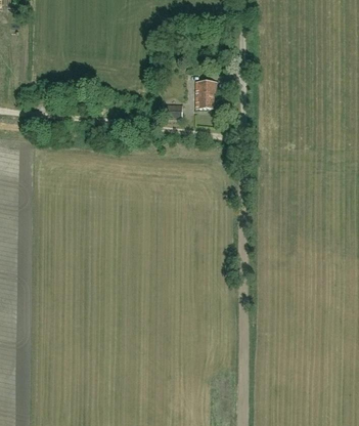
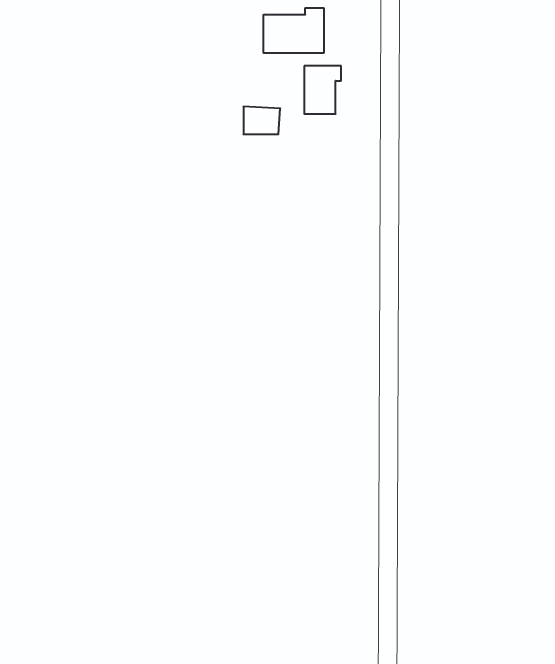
building: none -> [264,8,324,53]

